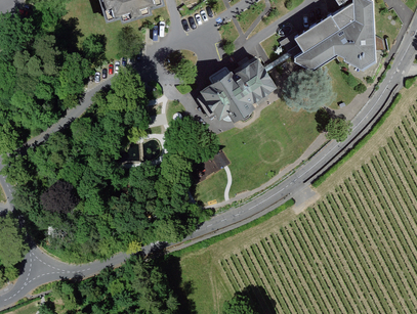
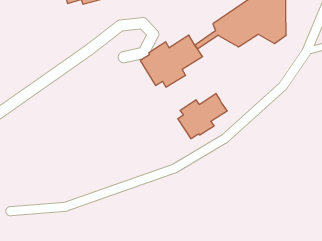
building: none -> [178,93,227,139]

